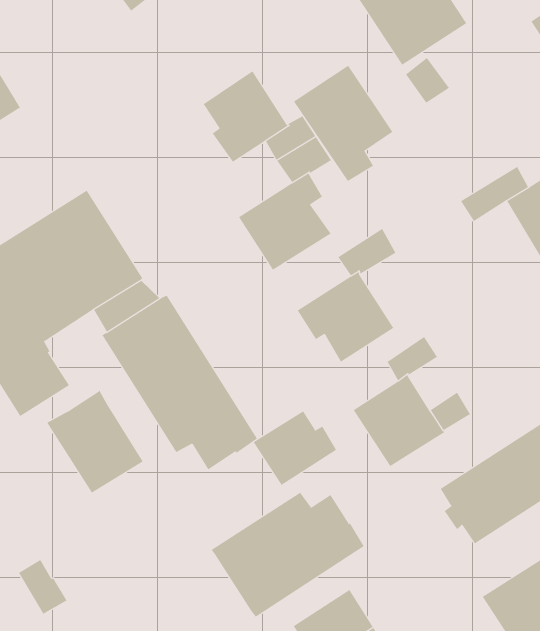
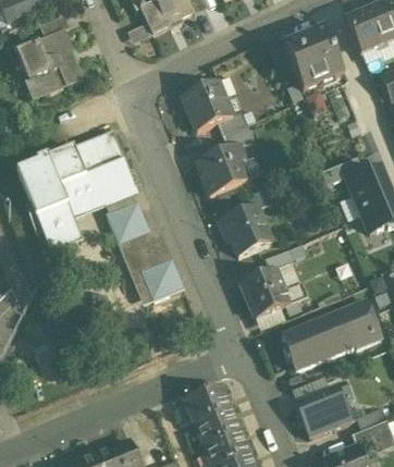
building: [293,65,393,182] -> none
building: [47,389,144,493] -> none
building: [253,411,337,486] -> none
building: [211,492,365,617] -> none

